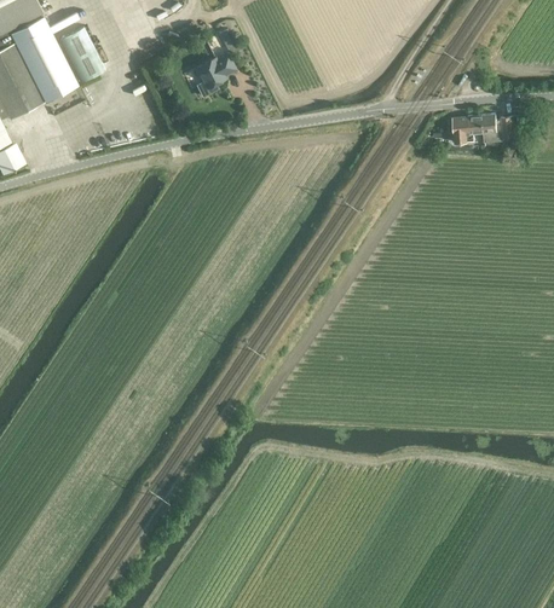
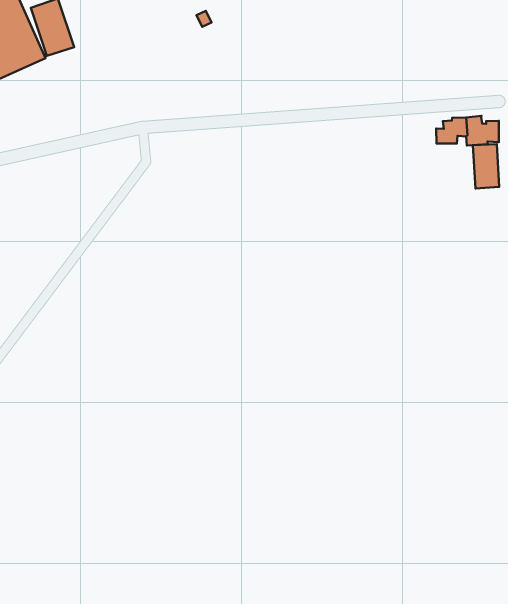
building: [195,54,233,97] -> none
building: none -> [473,144,499,189]

